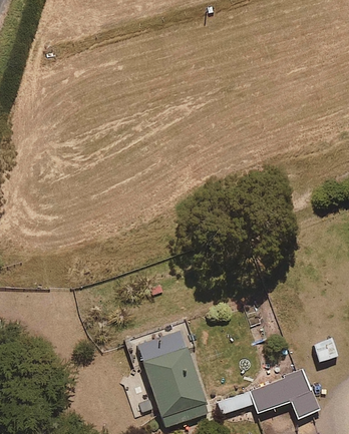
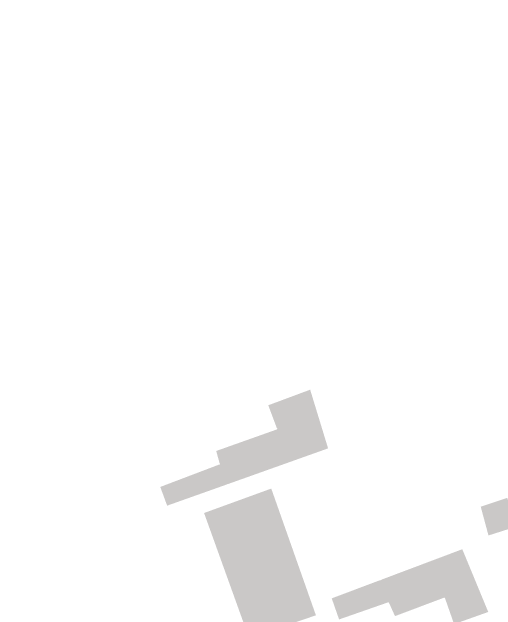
building: none -> [159,389,329,506]

